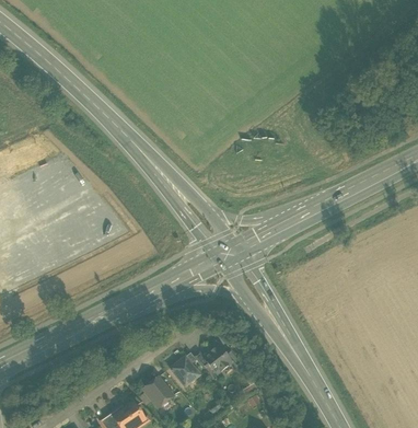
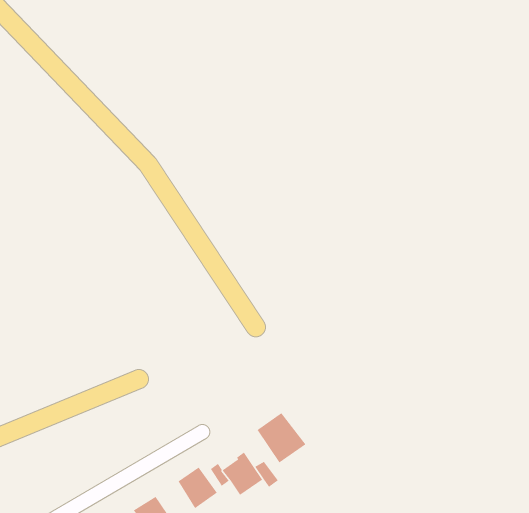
building: none -> [257,412,307,463]

